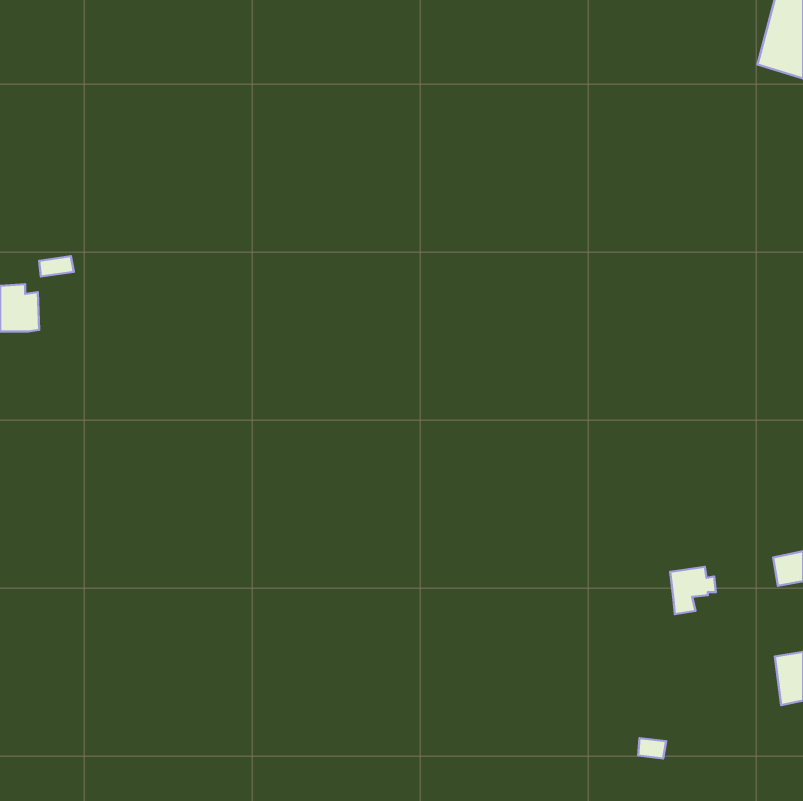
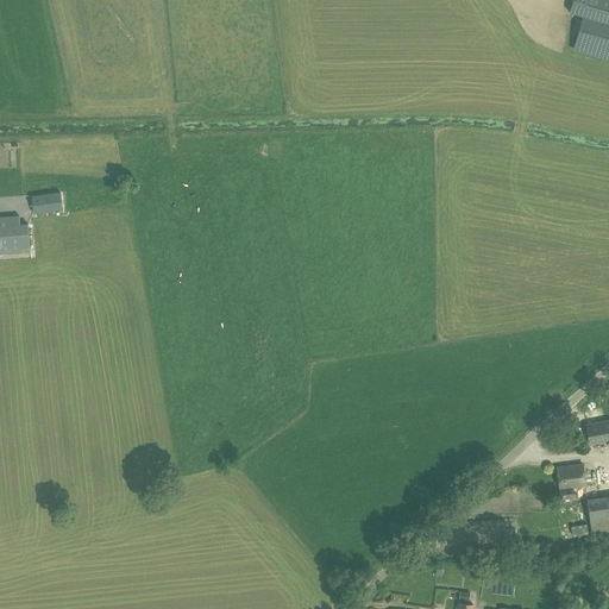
building: [670,567,716,614] -> [557,463,591,498]

